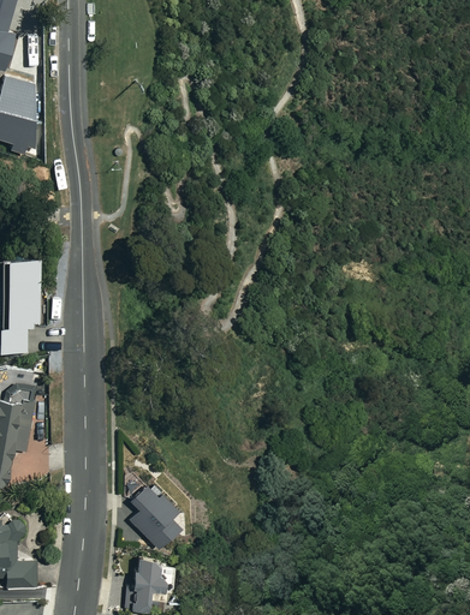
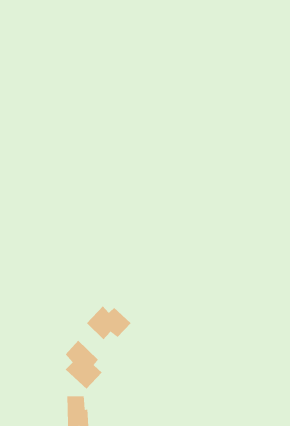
building: none -> [86,306,132,340]

